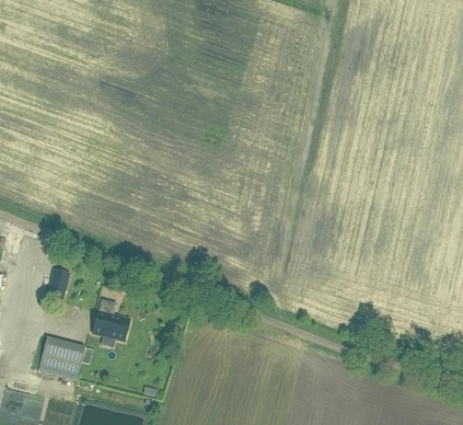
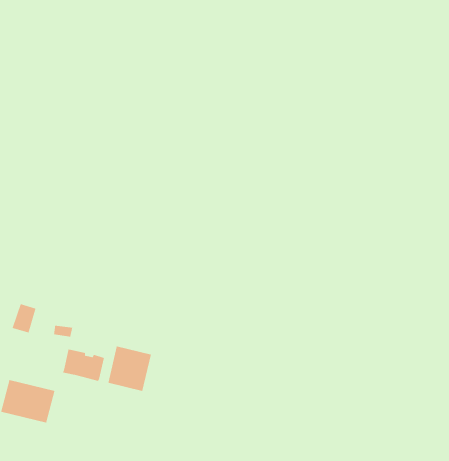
building: none -> [107,345,152,392]

